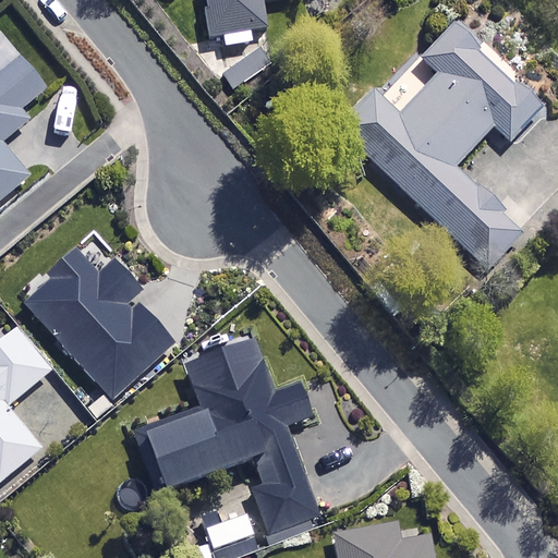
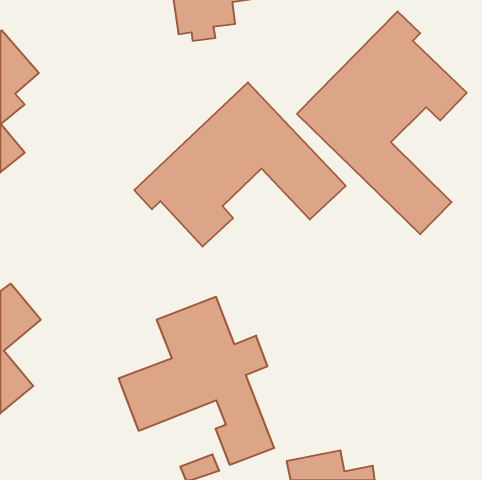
building: none -> [134,82,346,247]
building: [24,253,173,400] -> none

